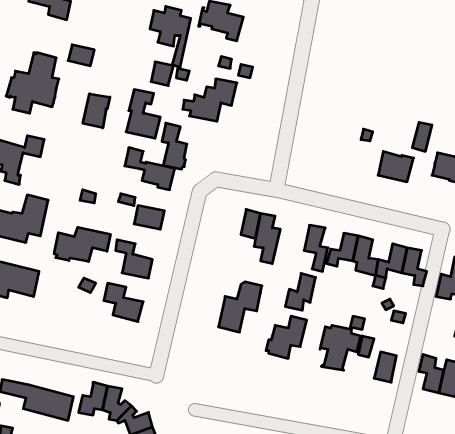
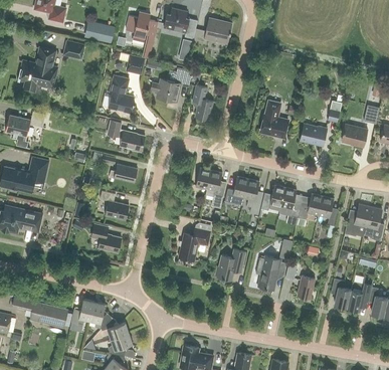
building: none -> [192,16,232,48]
building: none -> [83,20,114,43]
building: [83,94,110,128] -> none
building: none -> [258,99,288,139]
building: [162,123,187,169] -> [193,84,212,120]
building: [54,227,110,262] -> none
building: [285,273,316,310] -> [224,176,247,204]

